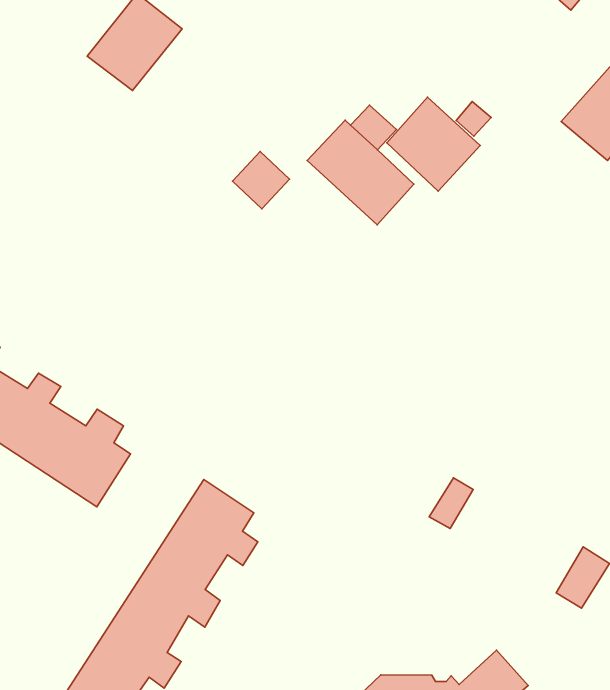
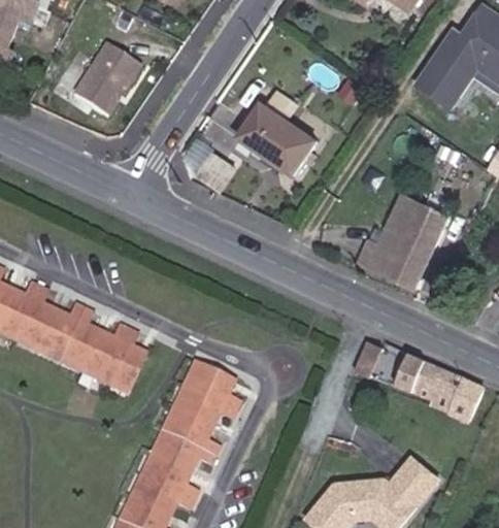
building: [387,97,480,191] -> none
building: none -> [359,197,446,288]
building: none -> [396,353,462,411]

